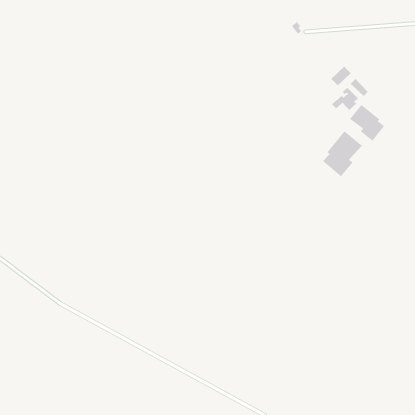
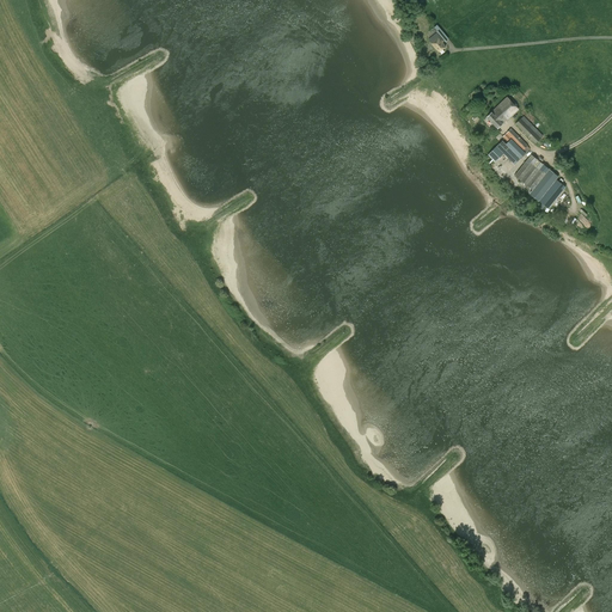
building: [322,131,363,177] -> none

